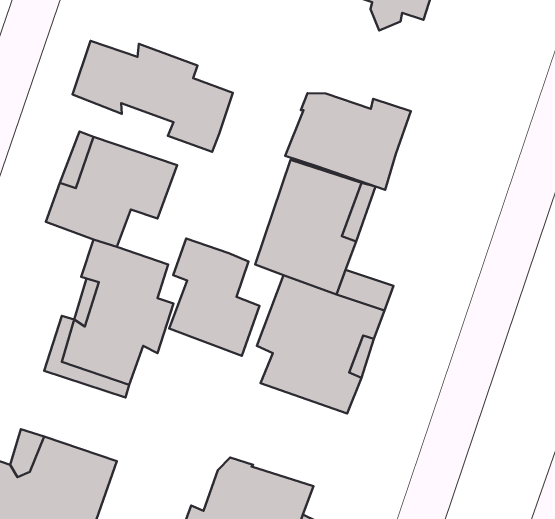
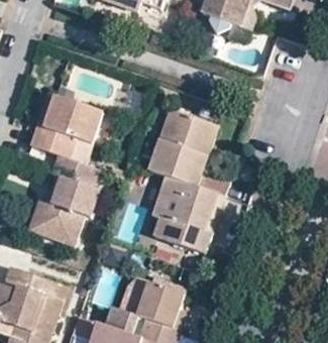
building: [72,41,233,152] -> none
building: [285,93,411,190] -> none
building: [169,238,259,356] -> none

